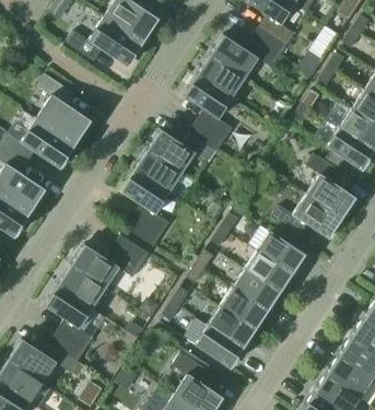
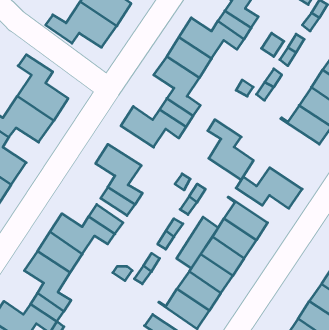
building: [133,150,183,192] -> none
building: [306,153,355,218] -> [208,120,253,180]
building: none -> [177,217,218,268]

